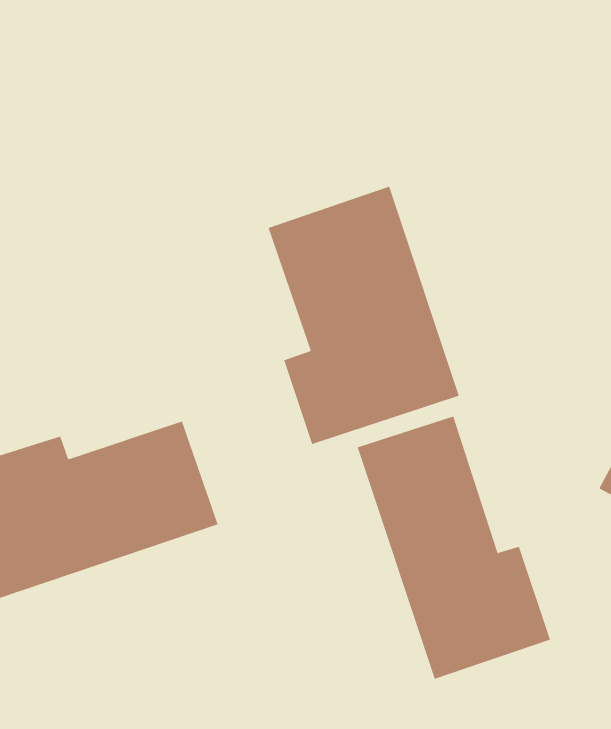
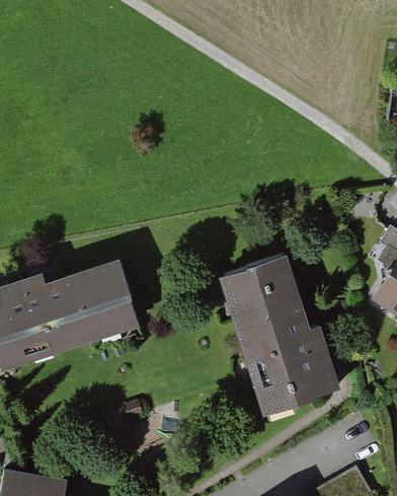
building: [268,186,459,445] -> none

